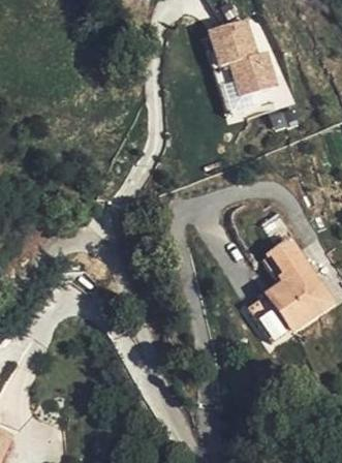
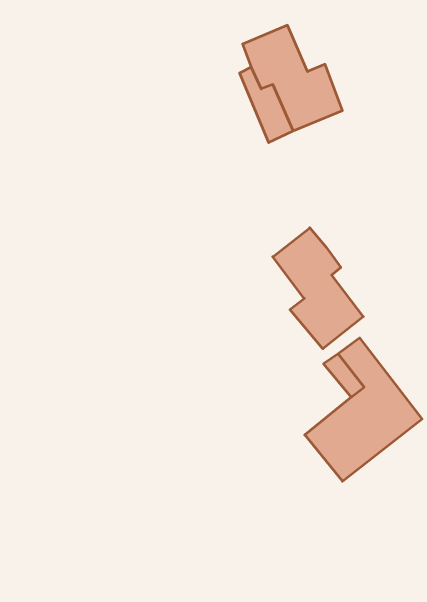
building: none -> [273,228,363,349]

